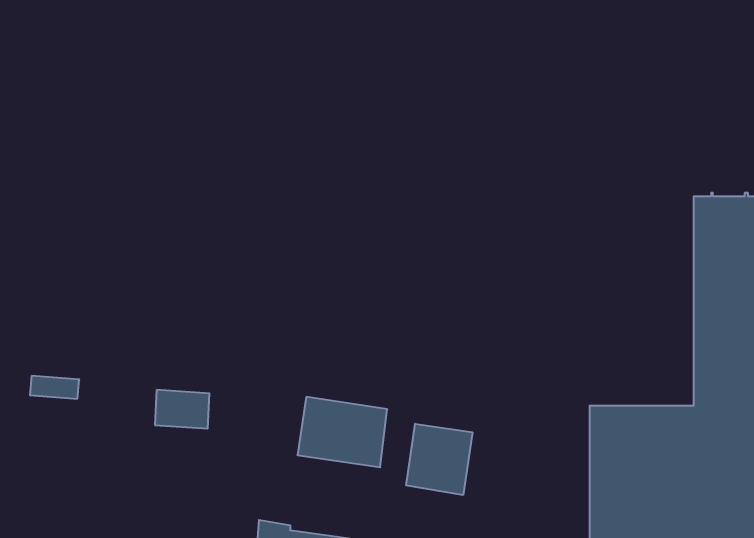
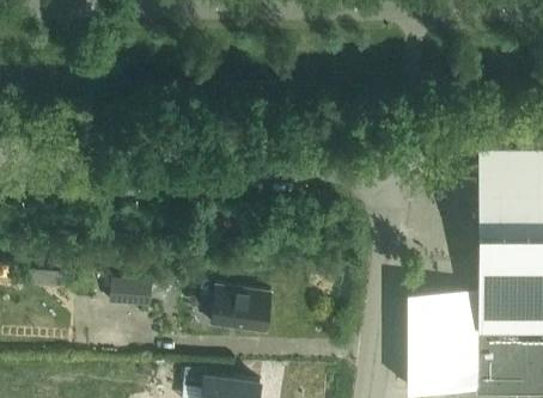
building: [406,424,472,495] -> none

